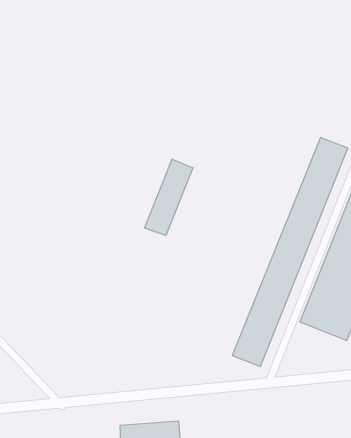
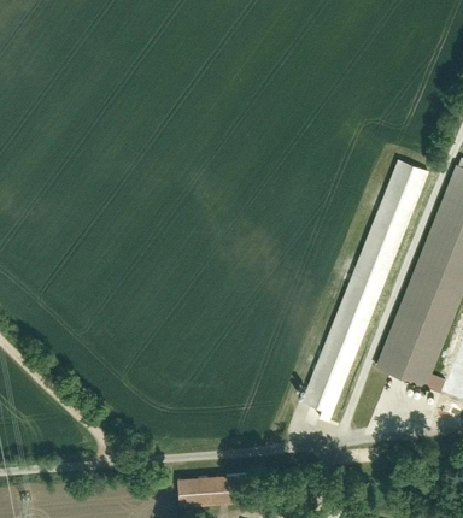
building: [145,159,193,236] -> none

